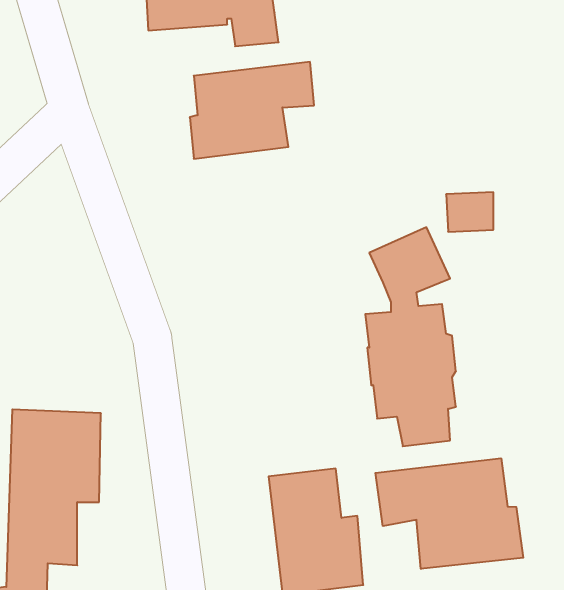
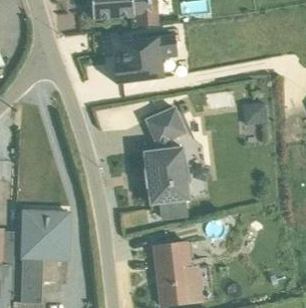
building: [365,227,456,446] -> [143,106,190,218]
building: [375,458,523,569] -> none

